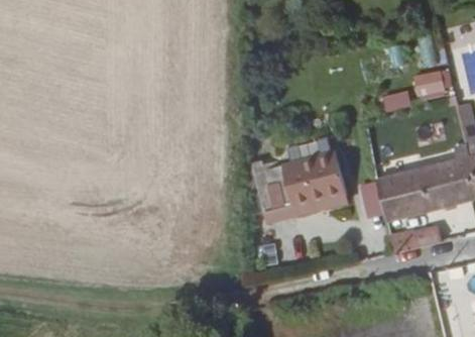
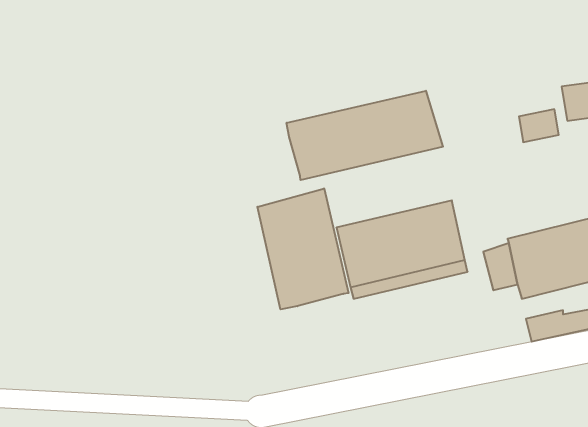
building: none -> [287,91,443,180]
building: none -> [257,188,349,309]

